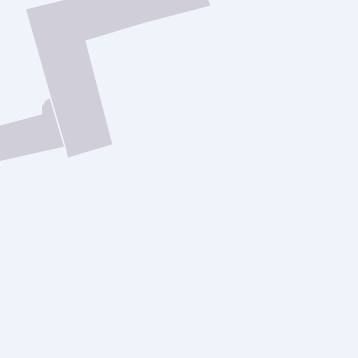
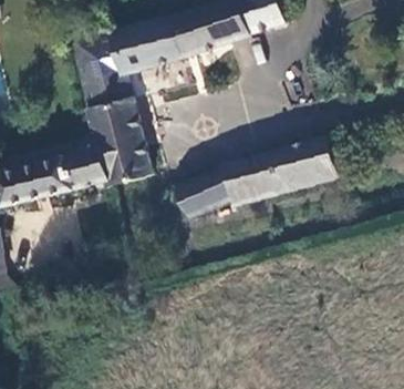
building: none -> [175,140,336,217]

